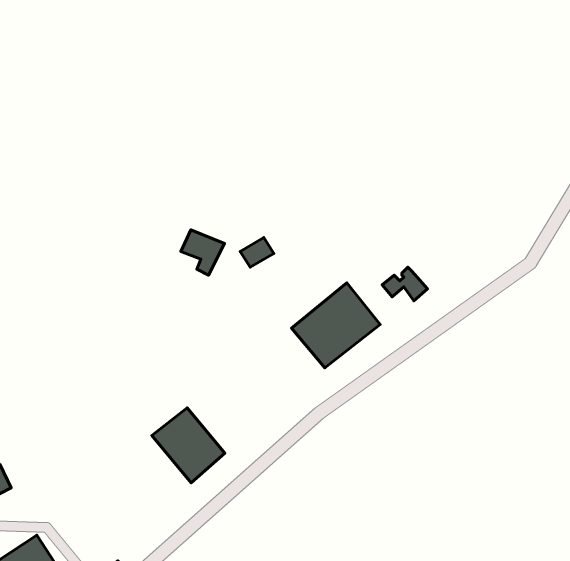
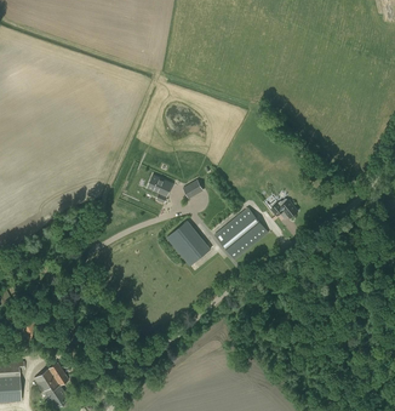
building: [152,408,225,483] -> [166,221,211,267]

